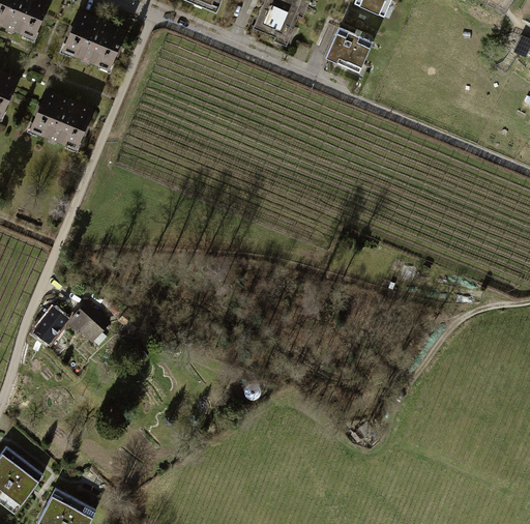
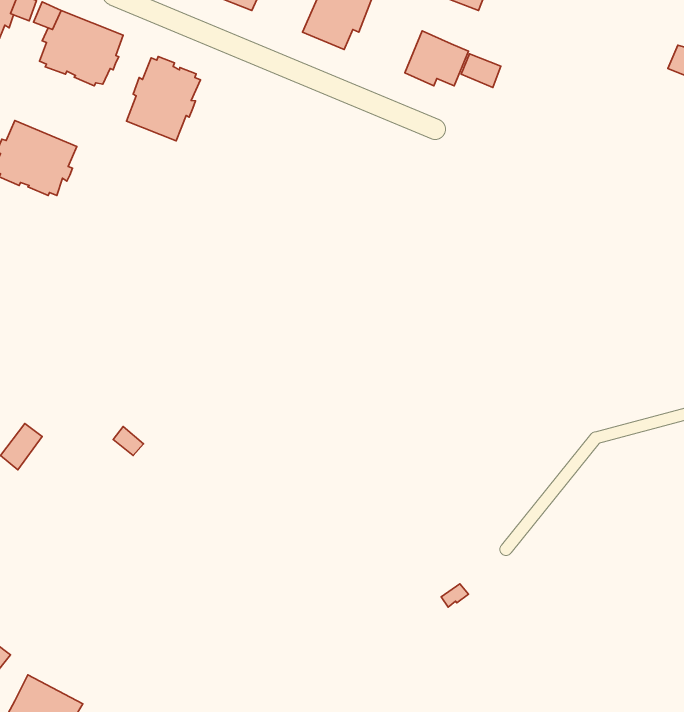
building: none -> [461,54,501,88]
building: none -> [126,56,201,141]
building: [69,303,108,342] -> none

